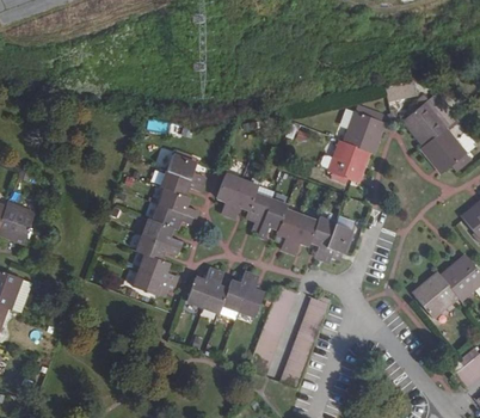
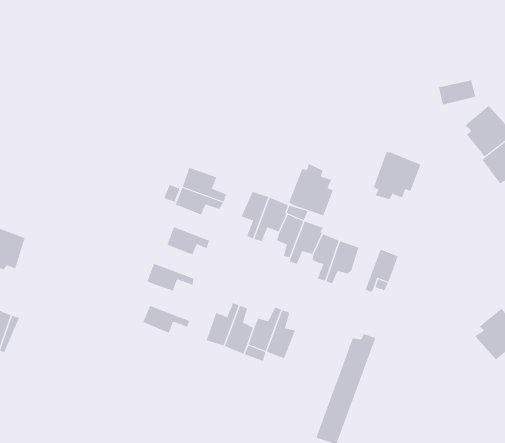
building: [343,104,383,152] -> none
building: none -> [289,163,334,216]
building: [159,186,196,216] -> none
building: [310,216,334,257] -> none
building: [142,217,180,247] -> none
building: [139,253,176,283] -> none
building: [247,284,296,376] -> none

